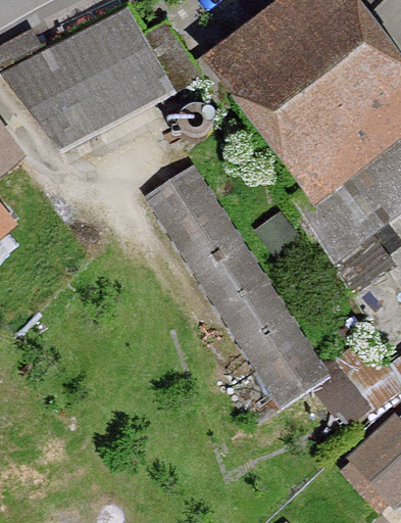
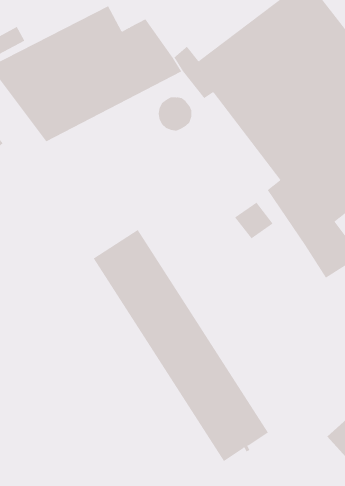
building: [146,163,329,406] -> [93,229,269,462]

